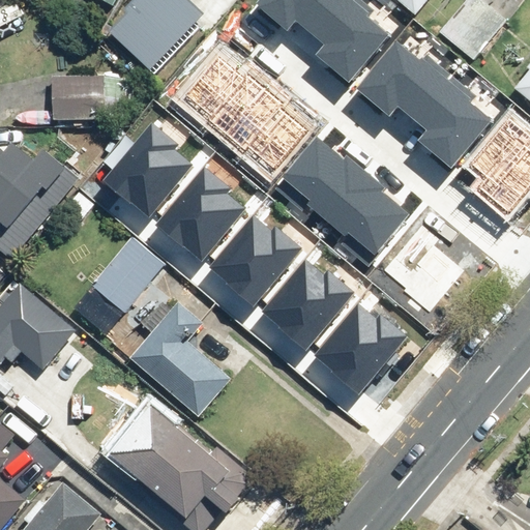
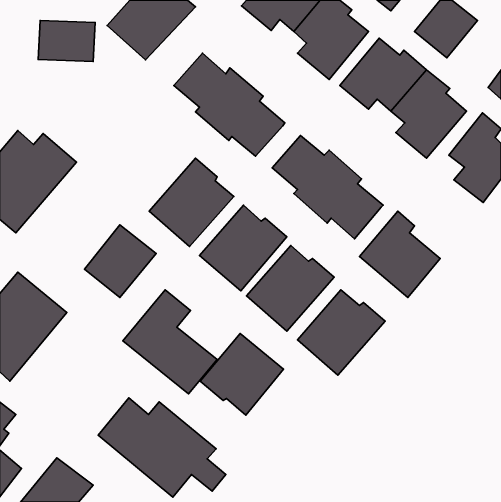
building: [48,78,108,121] -> [38,20,95,62]
building: [104,124,192,217] -> none
building: none -> [200,334,283,415]

